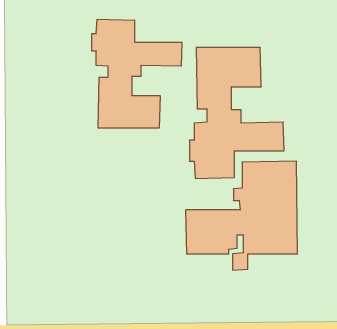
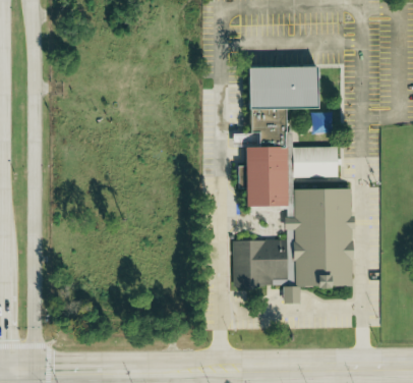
building: [92,19,182,128] -> none

